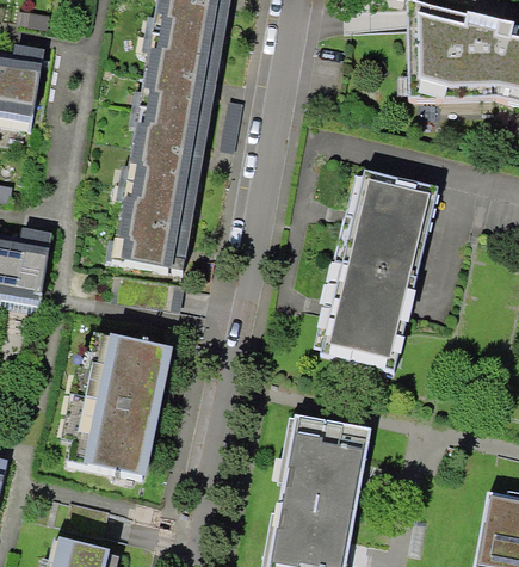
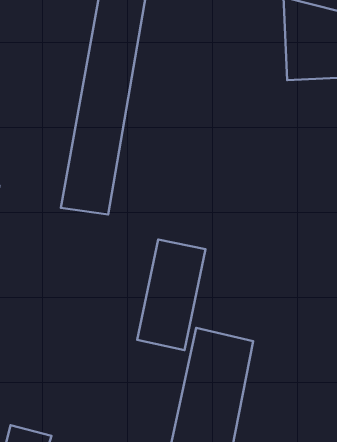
building: [321,172,438,369] -> none
building: [88,338,174,477] -> [137,240,205,350]

